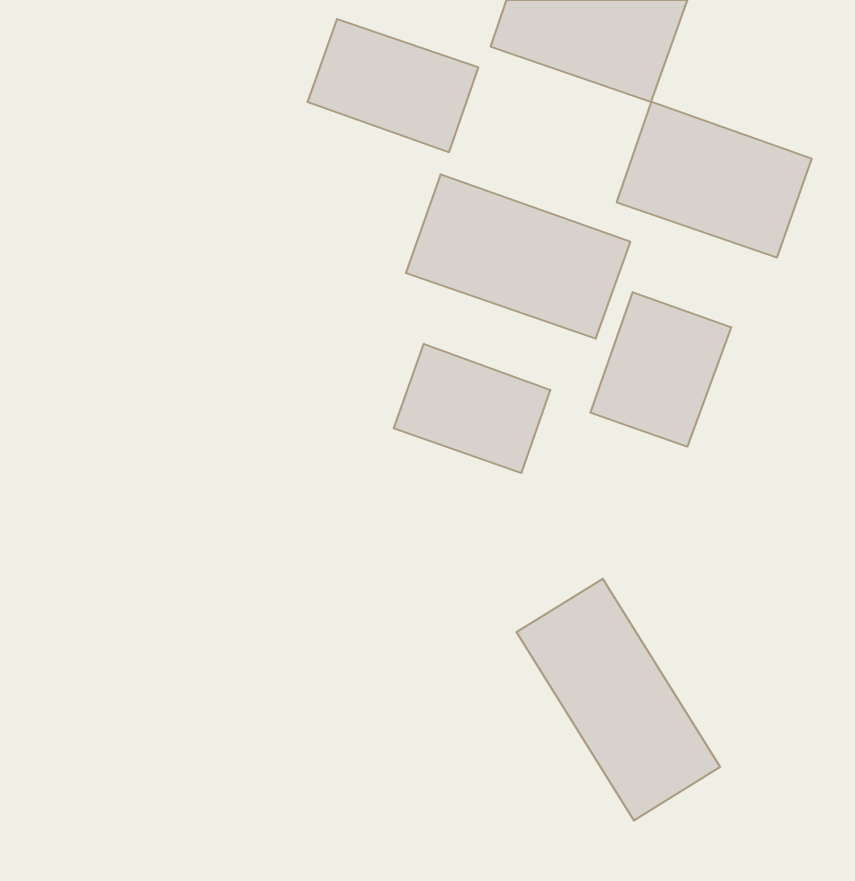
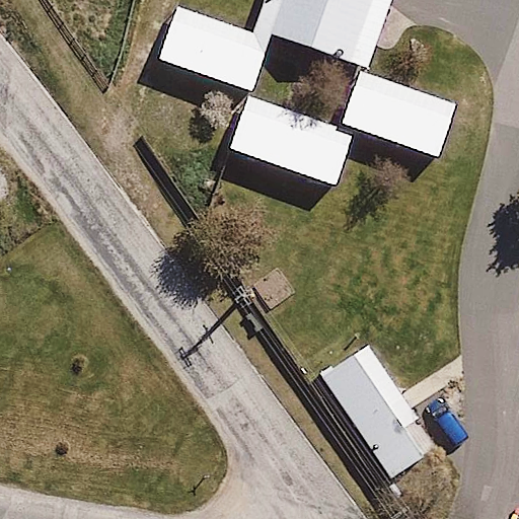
building: [590,292,731,447] -> none
building: [394,344,550,473] -> none

